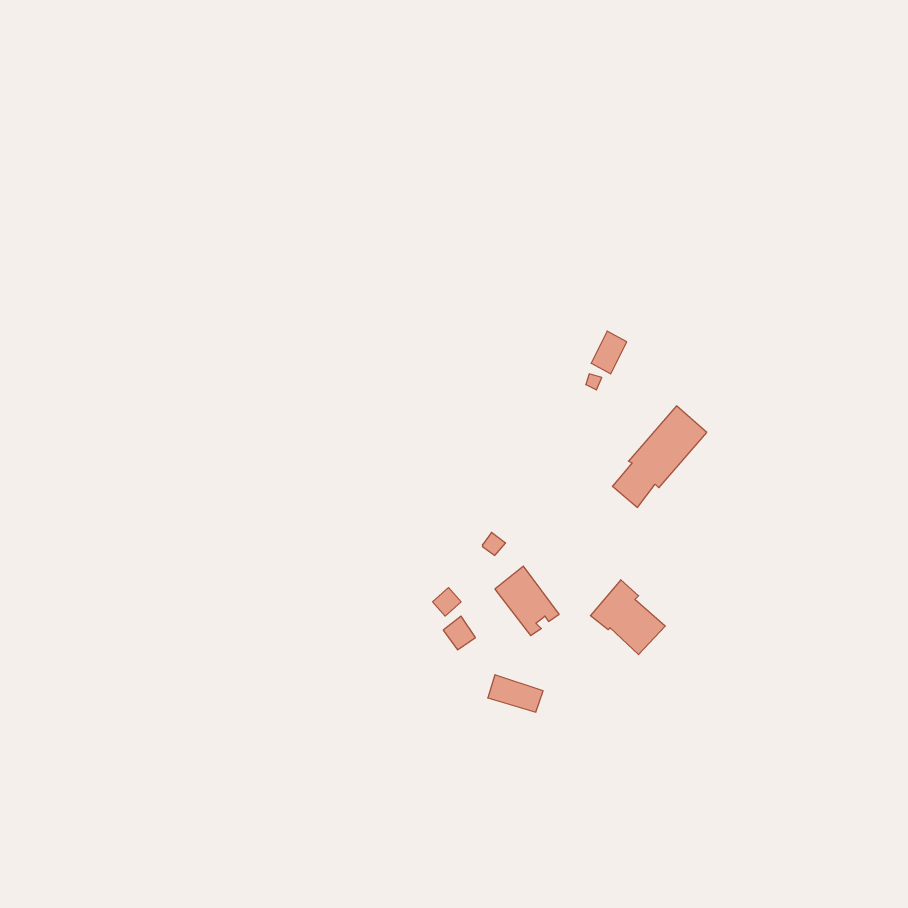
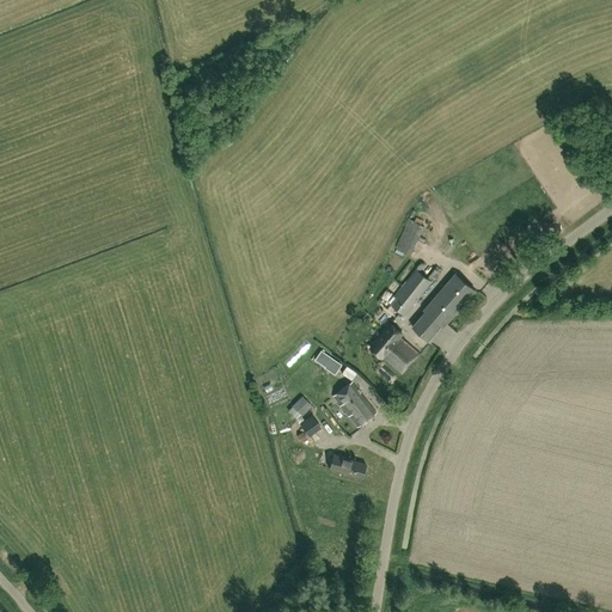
building: none -> [387,270,432,317]
building: [590,580,665,655] -> [369,325,420,375]

